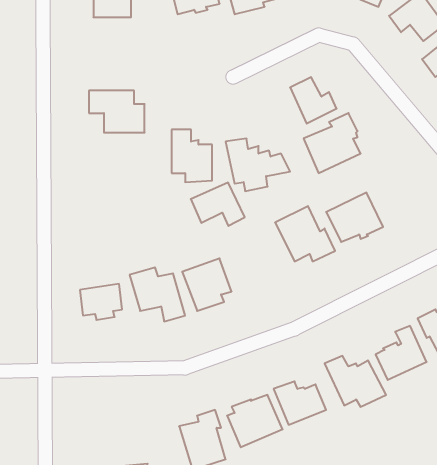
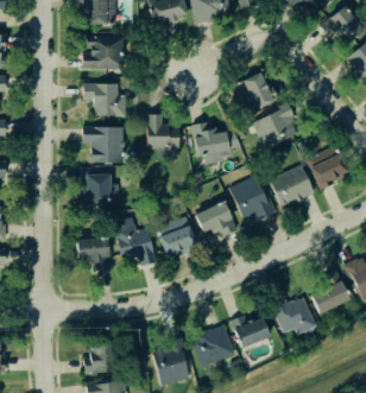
building: none -> [82,32,124,69]
building: none -> [82,127,124,164]
building: none -> [307,147,347,190]
building: [191,183,245,226] -> [194,202,236,236]
building: none -> [81,169,119,208]
building: none -> [87,343,118,373]

